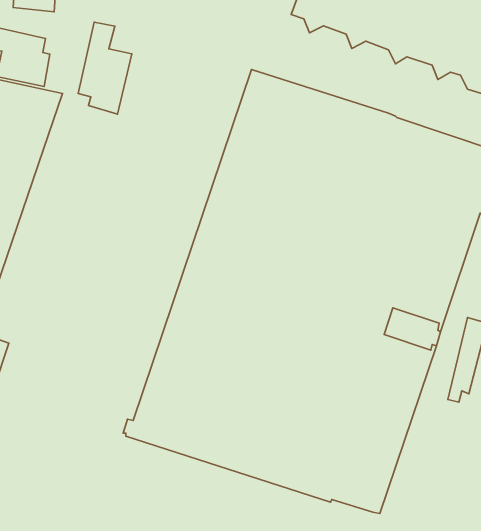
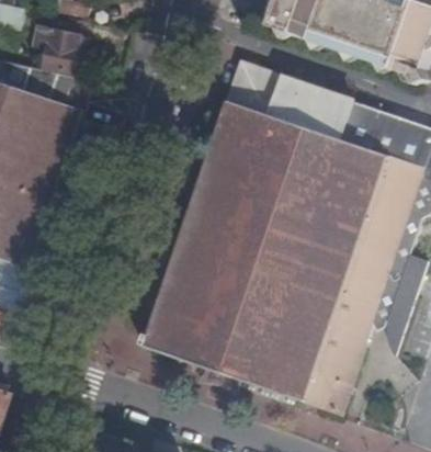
building: [78,22,132,114] -> none

